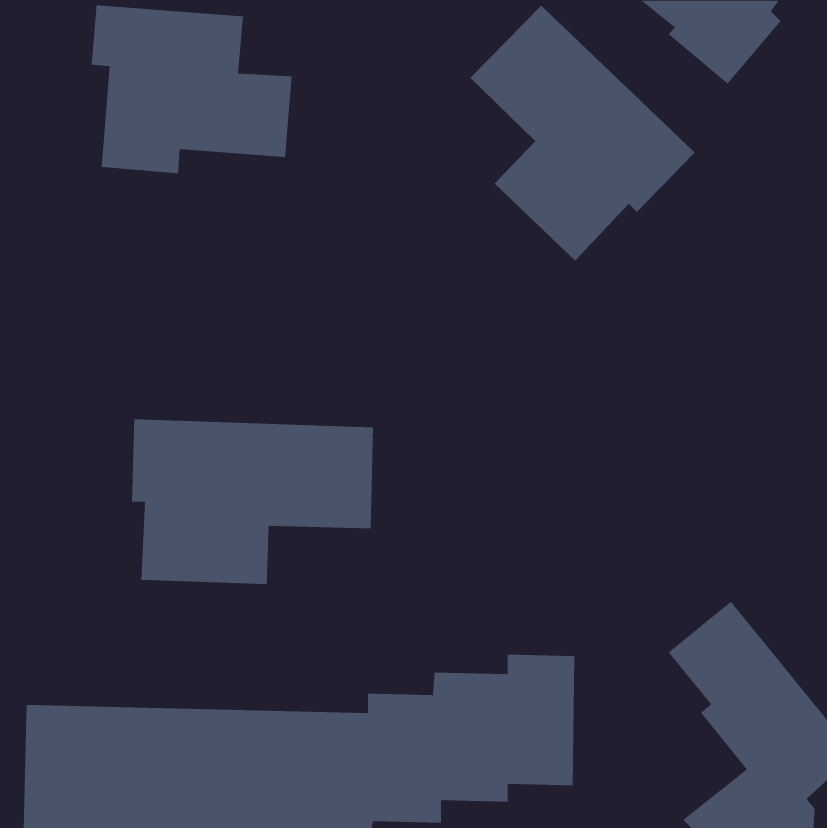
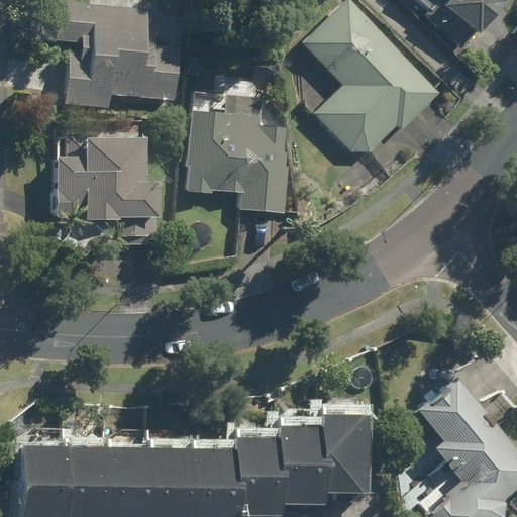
building: none -> [190,95,288,213]
building: none -> [58,135,165,244]
building: [131,418,374,585] -> none

